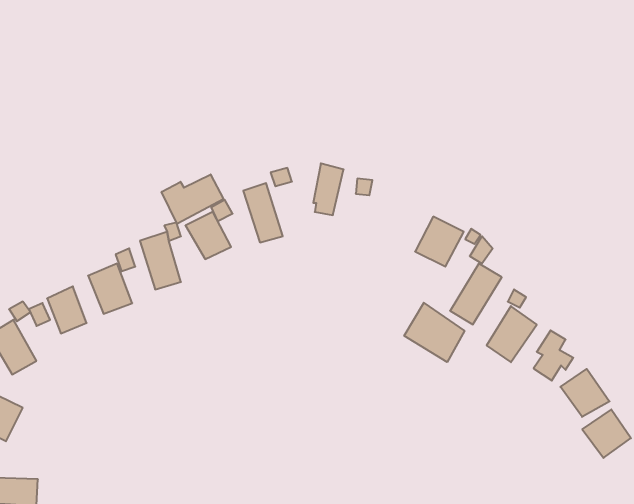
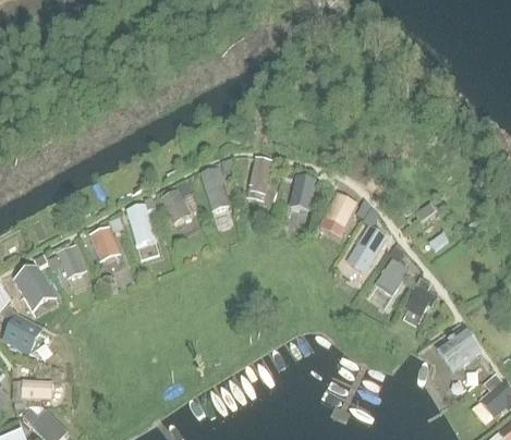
building: [162,174,224,224] -> none
building: none -> [288,175,317,211]
building: [404,303,464,362] -> none
building: [560,369,610,417] -> none

